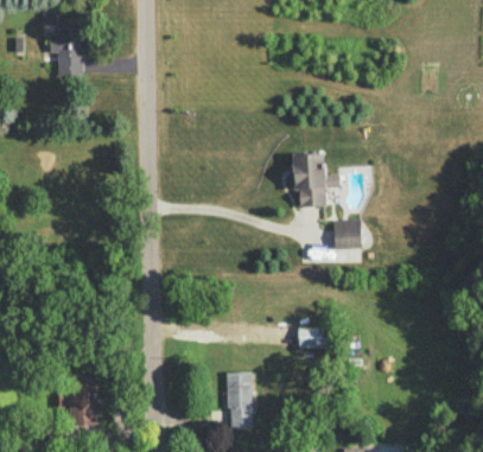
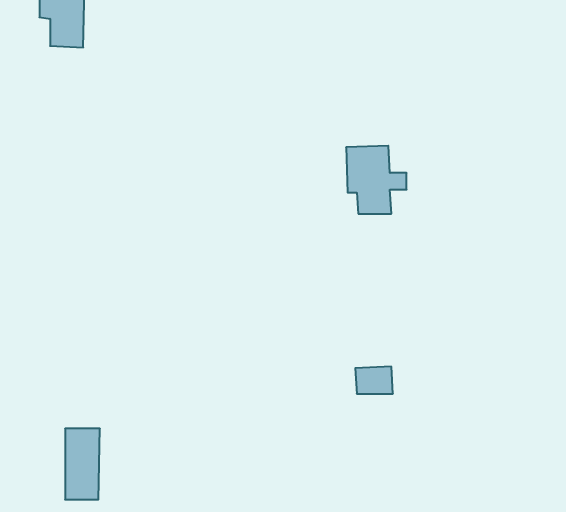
building: [333,219,362,249] -> none
building: [228,371,253,428] -> none

